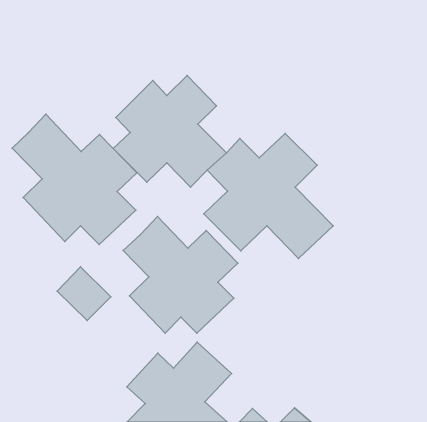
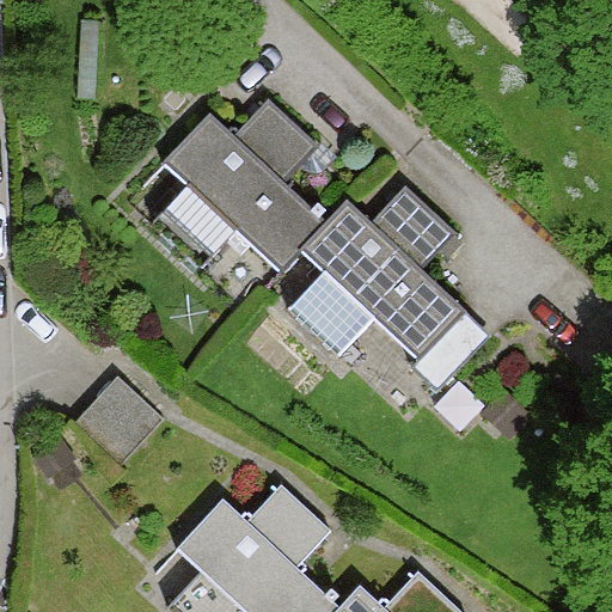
building: [12,114,137,245] -> none
building: [123,216,238,333] -> none

